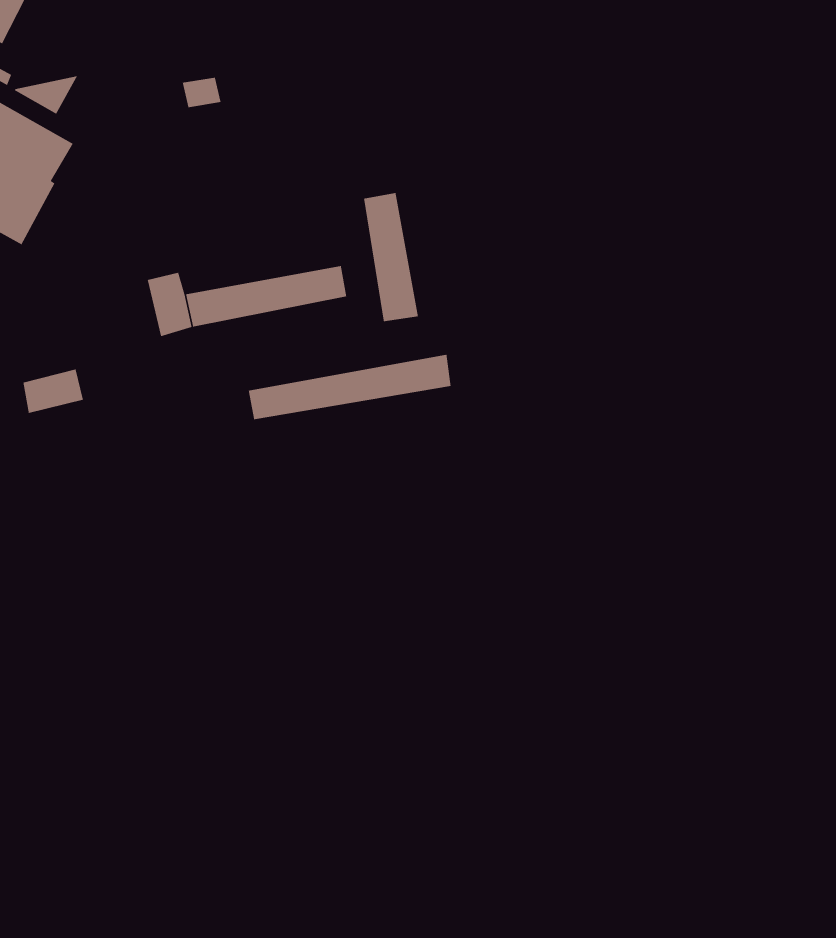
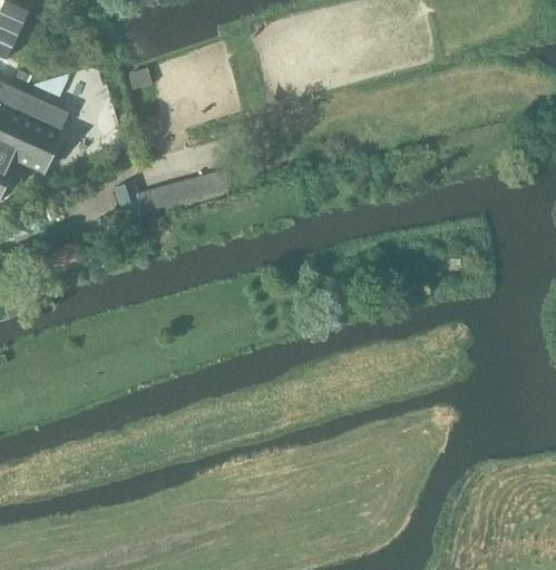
building: [363,192,419,322] -> none
building: [248,354,452,420] -> none

